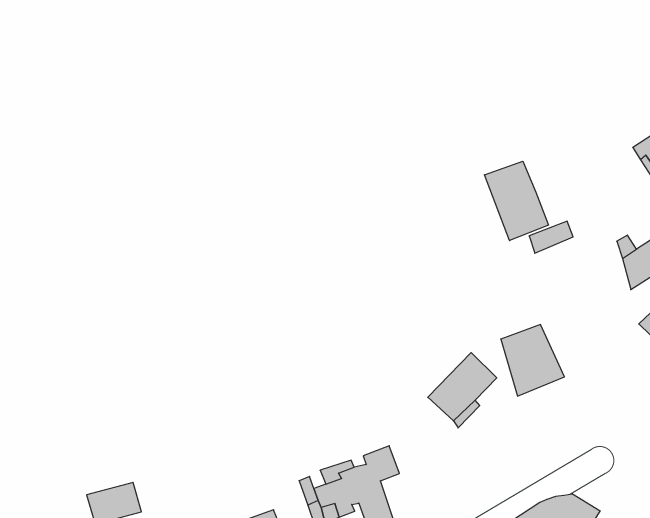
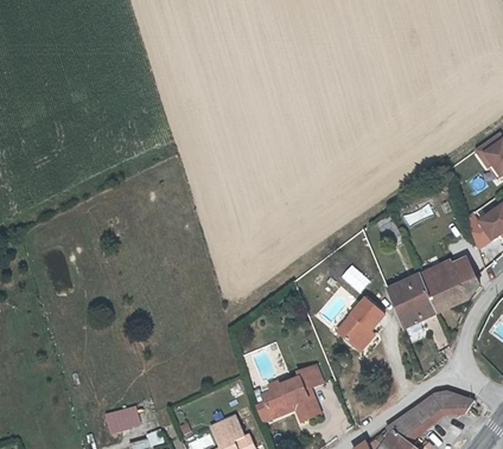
building: [484,161,549,241] -> none
building: none -> [414,257,476,310]

